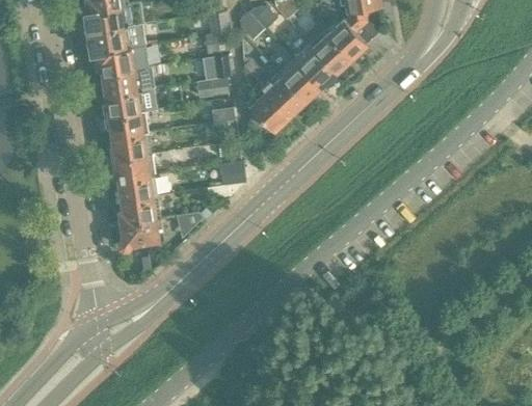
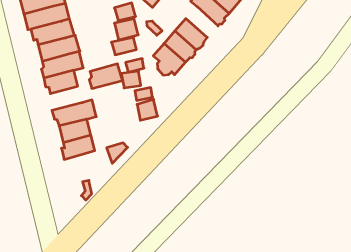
building: [295,46,336,87] -> none
building: [109,133,152,161] -> [89,64,122,88]
building: [119,218,164,250] -> none

